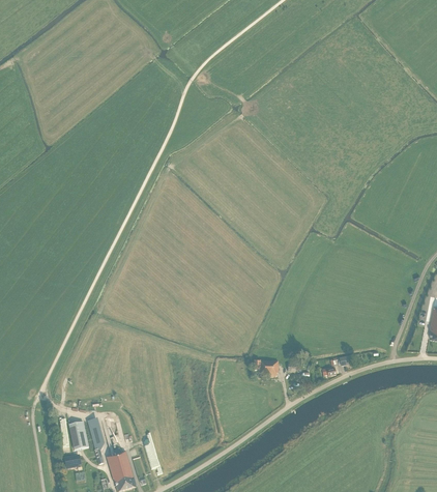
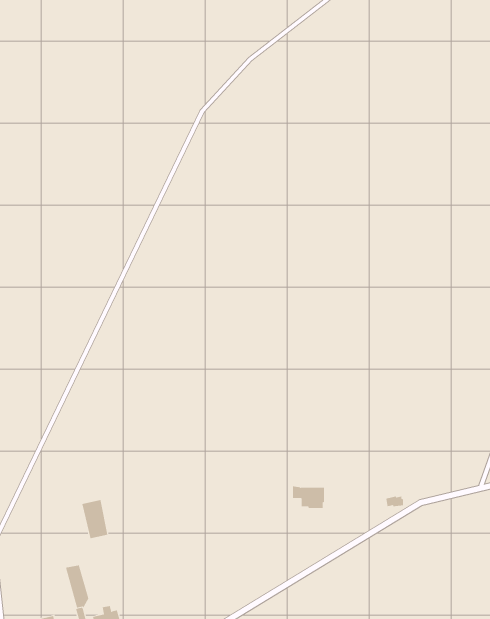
building: [68,421,88,450] -> [81,500,108,539]

